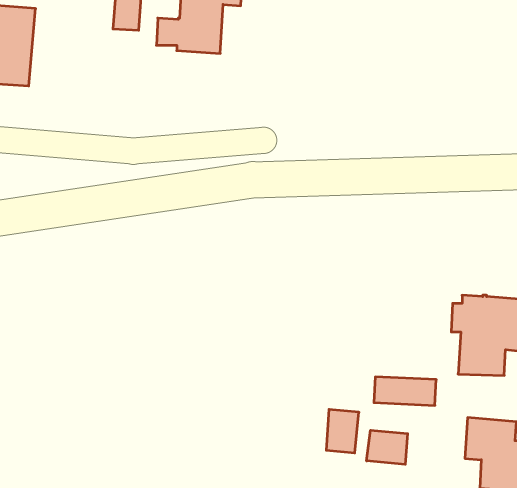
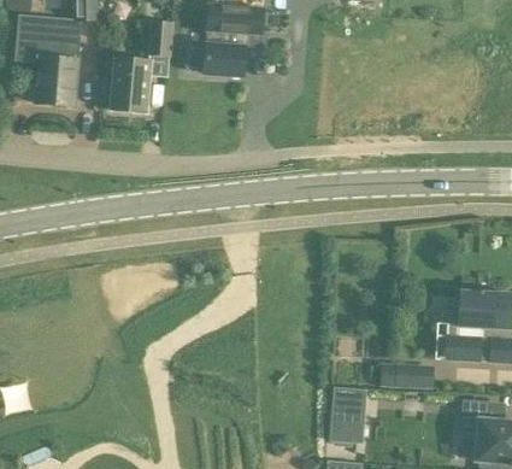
building: none -> [111,58,151,112]
building: [367,430,408,464] -> none

